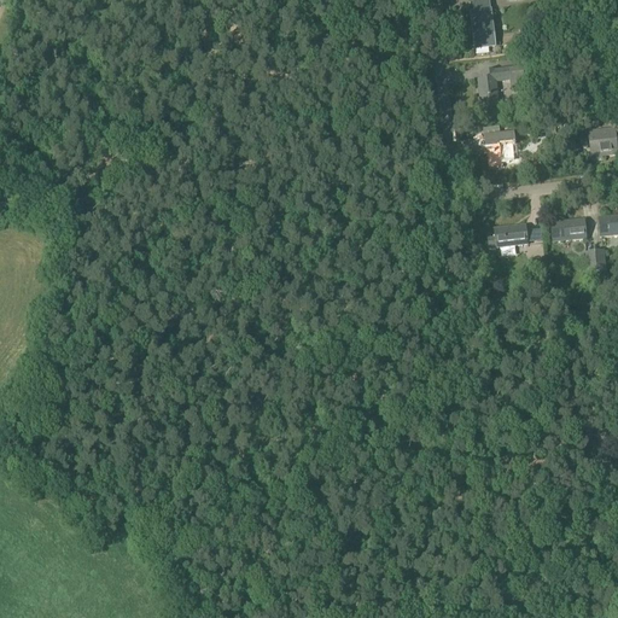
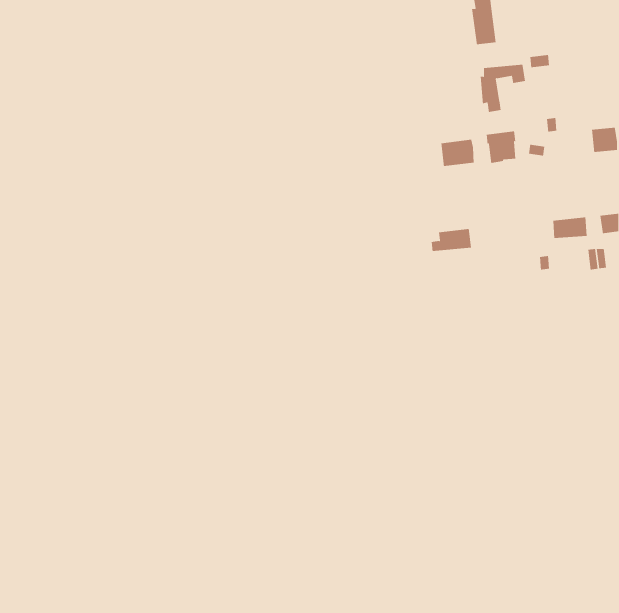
building: none -> [441,139,474,167]
building: [486,222,527,245] -> [431,228,472,251]

